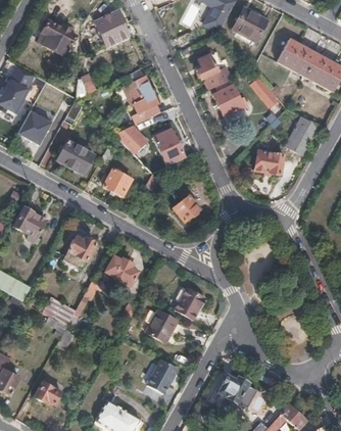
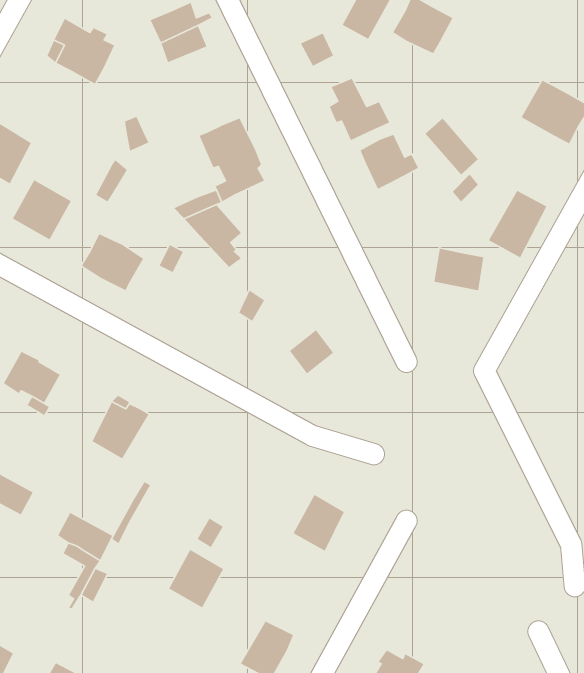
building: [276,39,316,76] -> none
building: [156,133,183,159] -> none
building: [103,167,130,195] -> none
building: [105,257,138,285] -> none
building: [146,309,178,343] -> [168,549,224,609]

